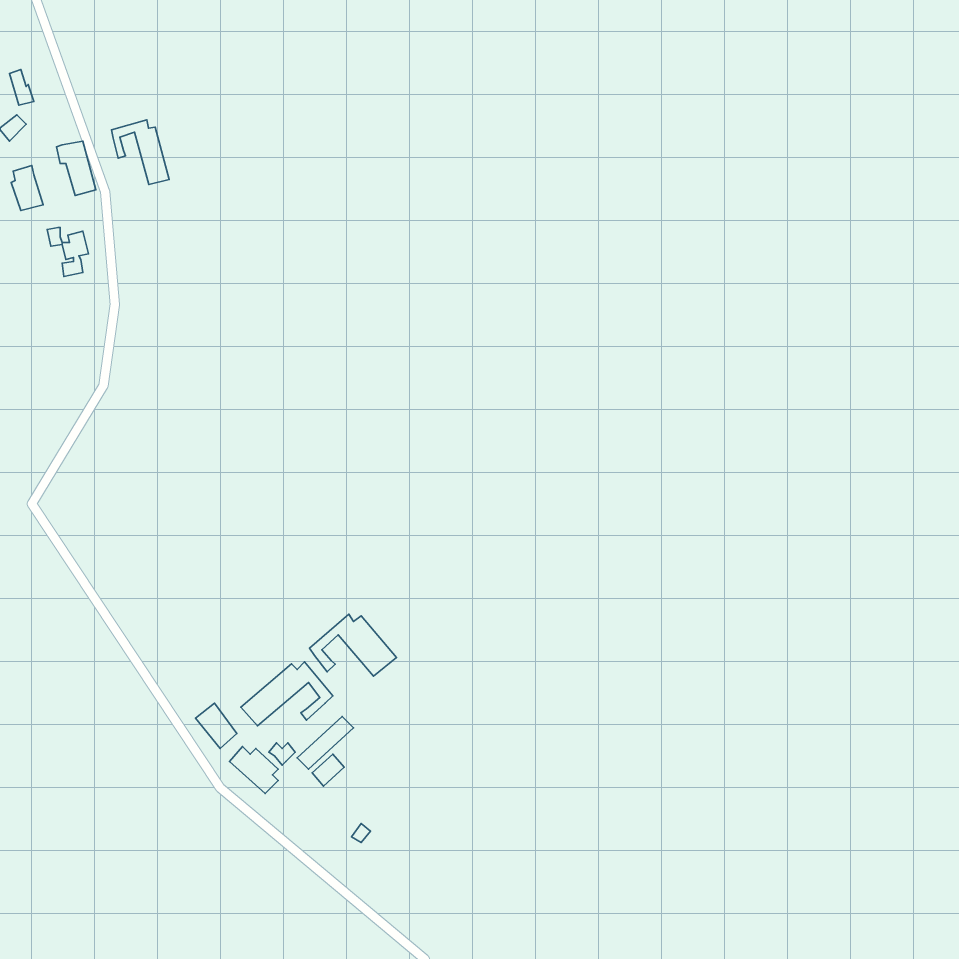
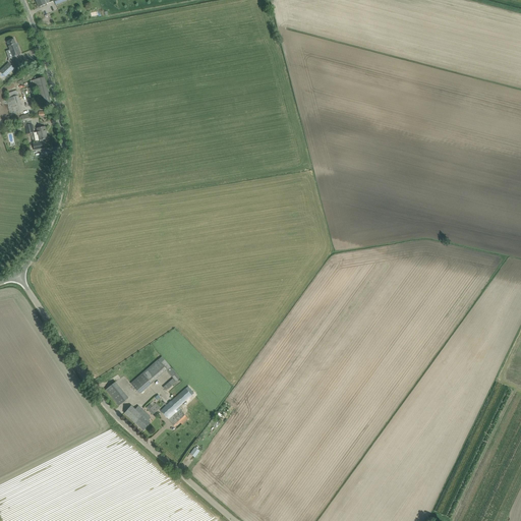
building: [112,120,169,184] -> none
building: [310,614,396,676] -> none

